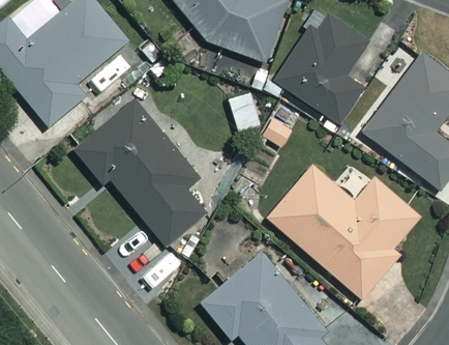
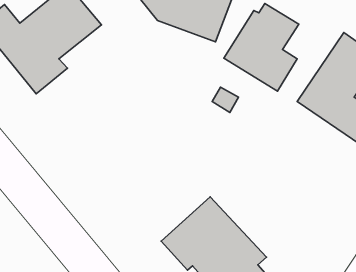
building: [73,99,208,245] -> none
building: [268,167,418,297] -> none

